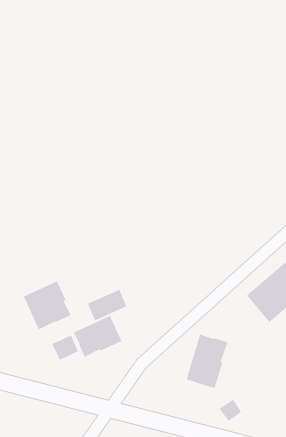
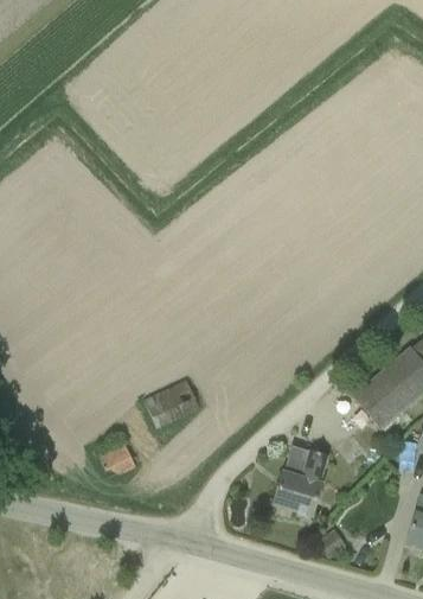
building: [23,280,71,330] -> none
building: [73,315,122,357] -> none

